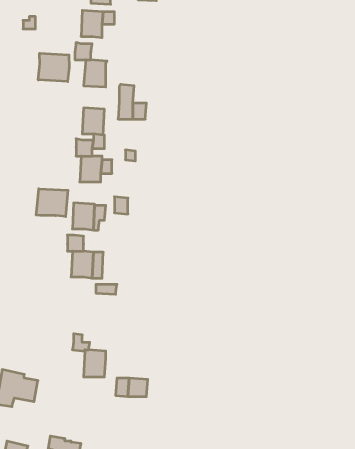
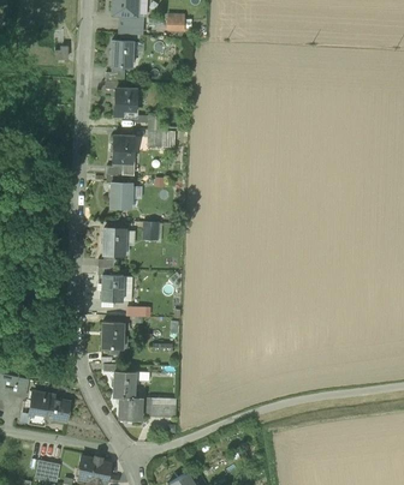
building: [38,53,69,82] -> none
building: [36,189,68,217] -> none
building: none -> [101,322,123,348]
building: none -> [118,397,142,420]

